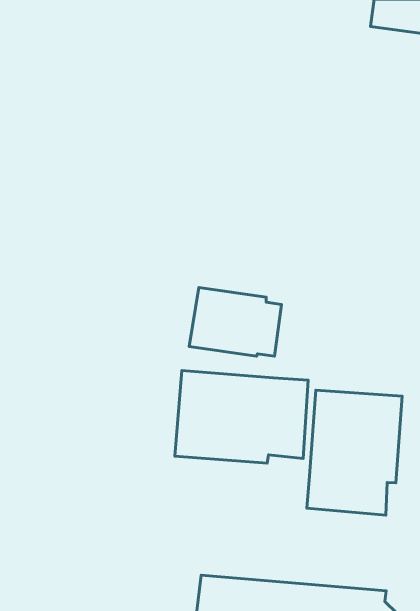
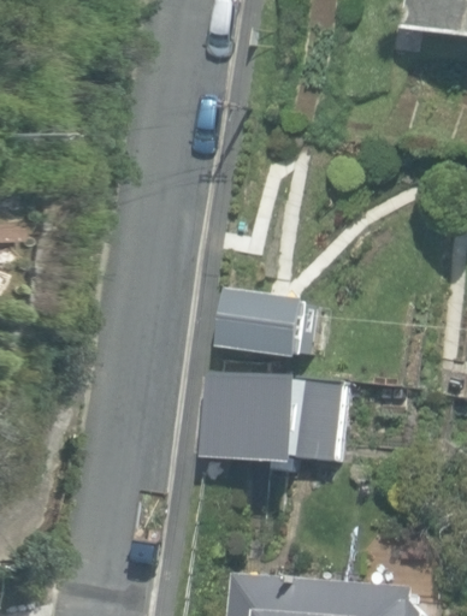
building: [307,390,402,515] -> none

